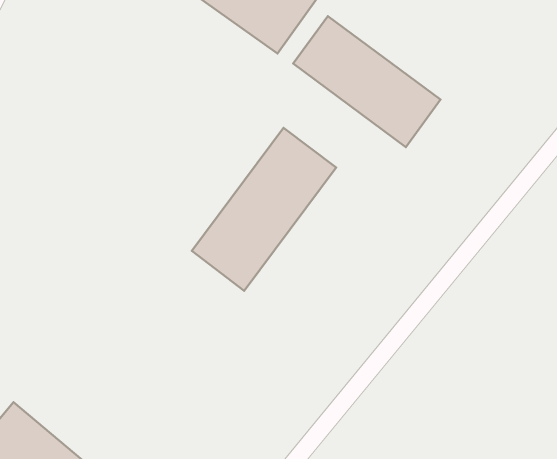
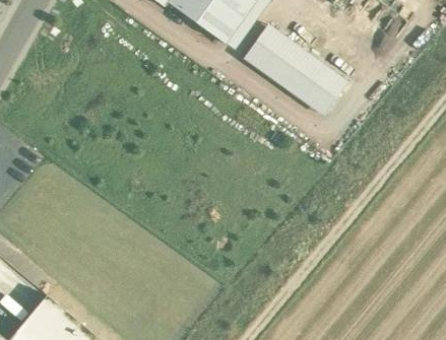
building: [192,128,336,291] -> none

